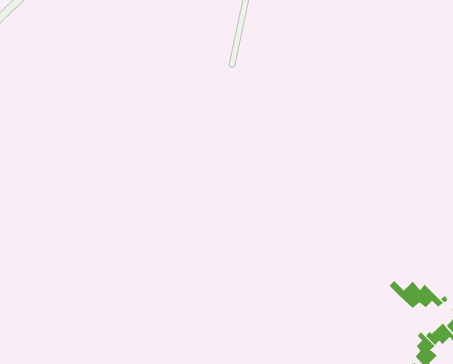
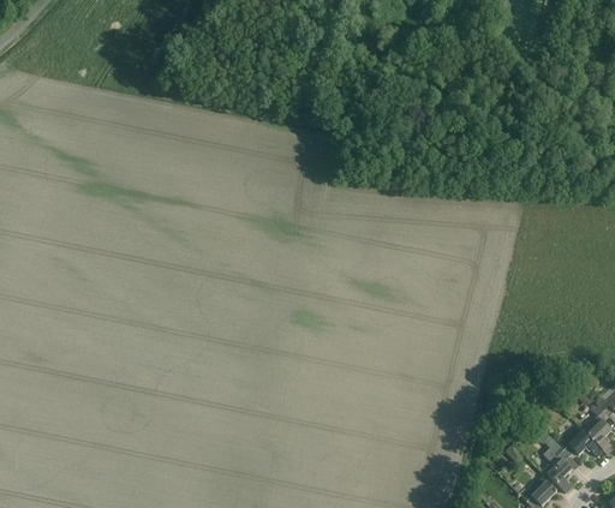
building: [389,280,444,309] -> none

